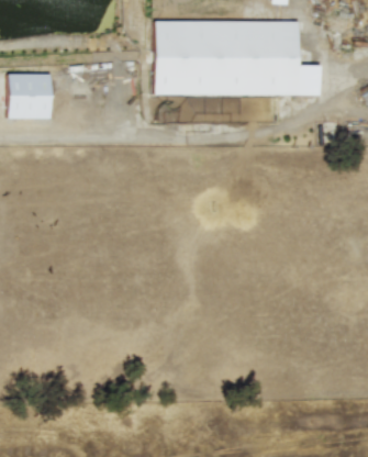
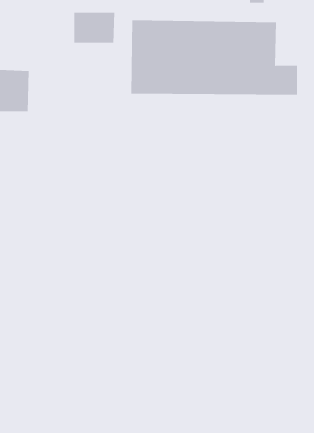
building: none -> [74,12,115,43]

